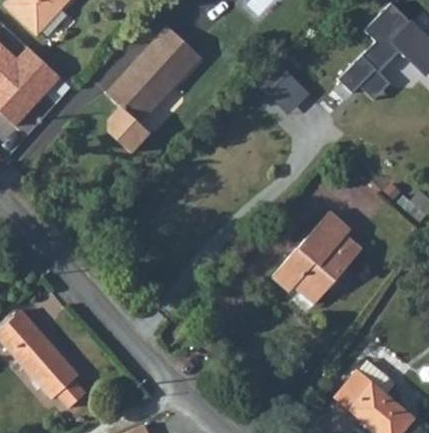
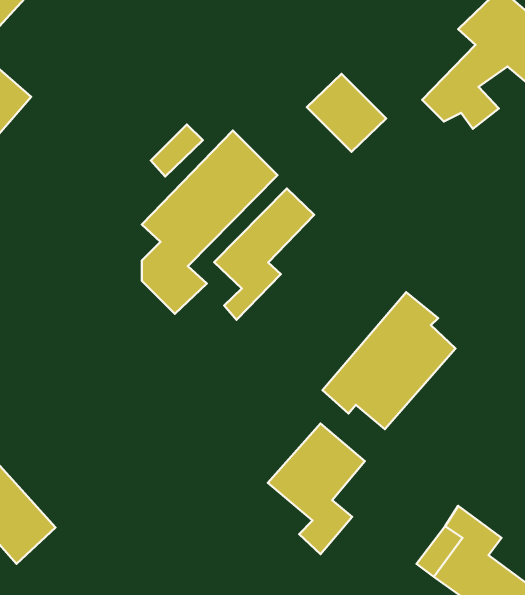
building: [102,31,196,158] -> [142,130,277,314]
building: none -> [214,189,314,320]
building: none -> [268,423,365,554]

